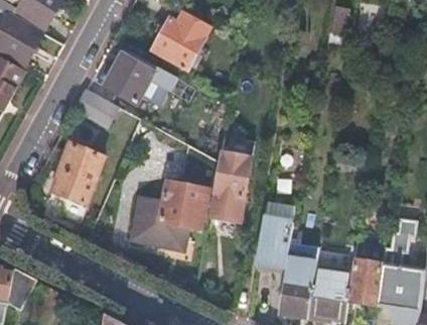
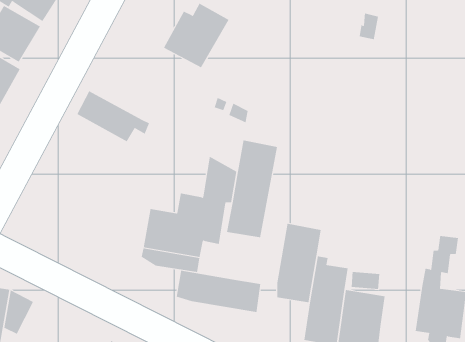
building: [105,48,200,104] -> none
building: [51,144,105,205] -> none
building: none -> [176,270,261,313]
building: [347,261,384,306] -> none

